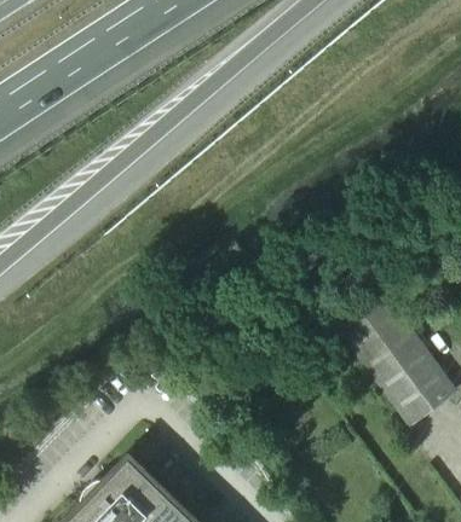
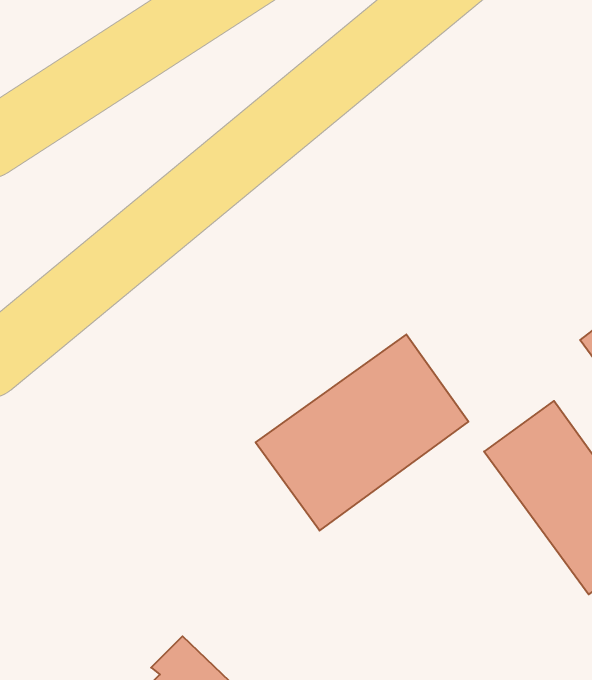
building: none -> [256,334,468,531]

